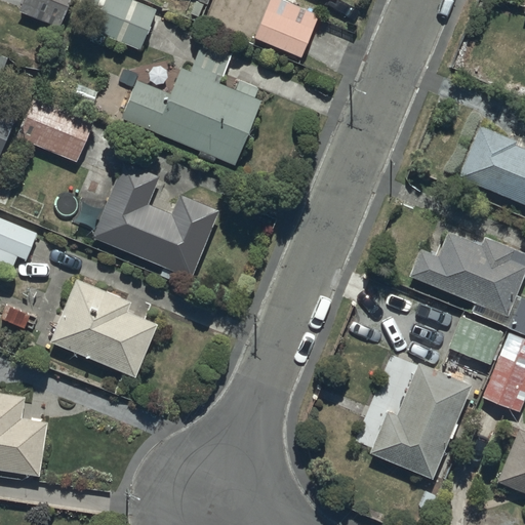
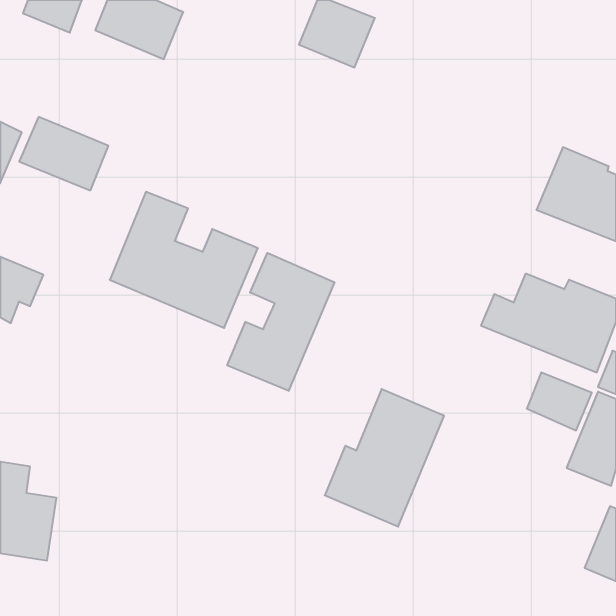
building: [121,42,261,165] -> none
building: none -> [227,253,334,391]
building: [50,280,158,378] -> none
building: [370,364,472,481] -> [325,389,444,527]

